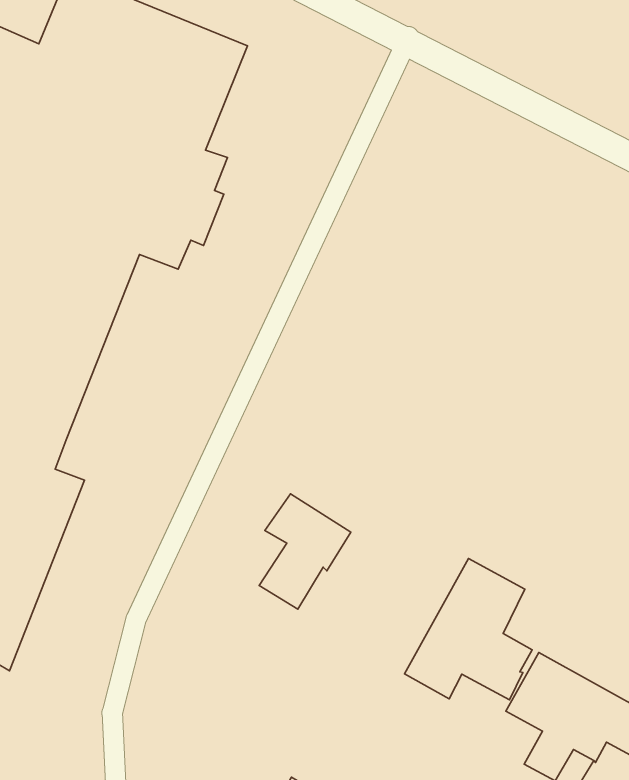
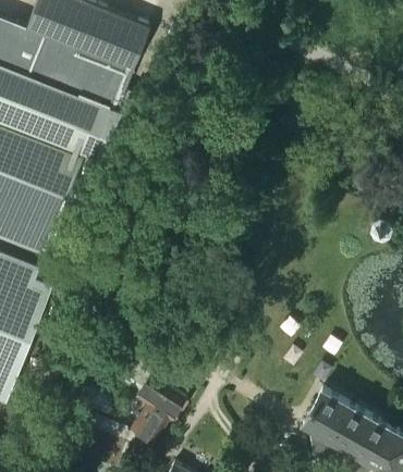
building: [259,494,351,609] -> [130,376,184,445]
building: [404,558,532,700] -> none

